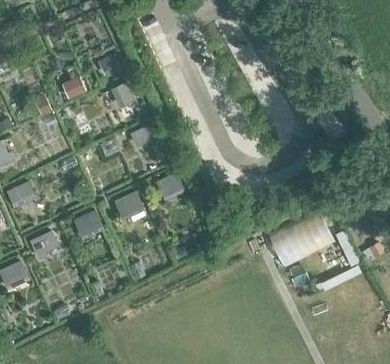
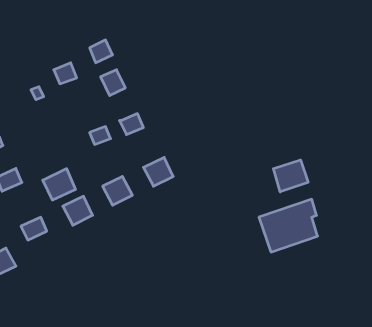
building: none -> [273,160,308,192]
building: none -> [43,169,75,200]

